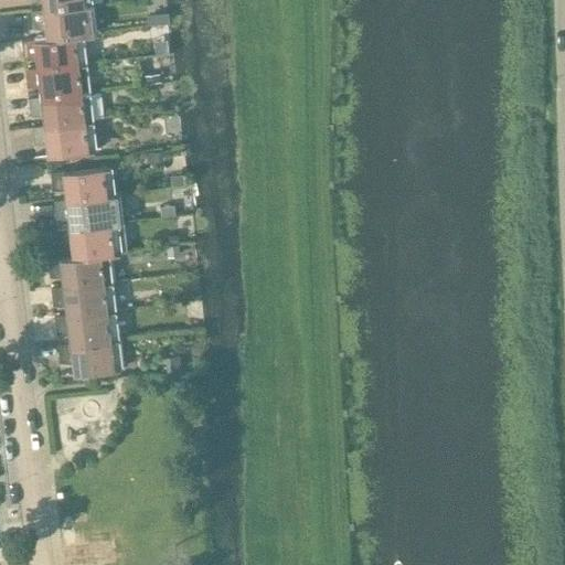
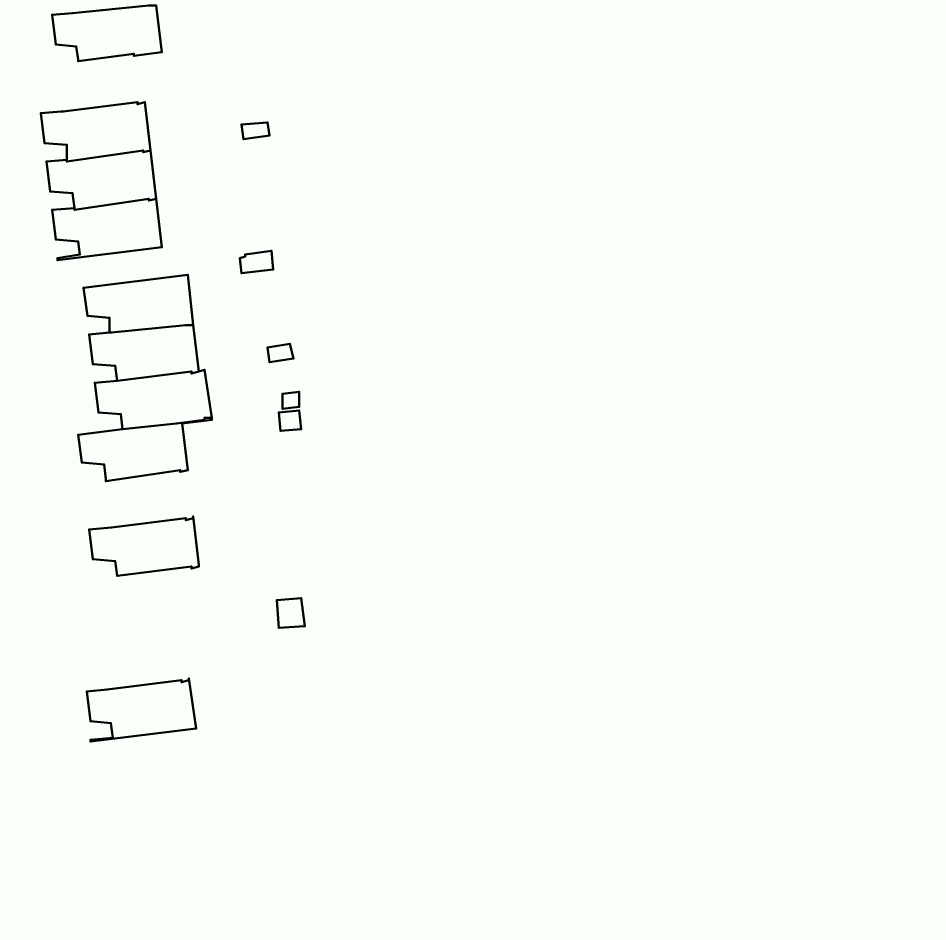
building: [23,36,98,72] -> none
building: [52,285,117,319] -> none
building: [60,341,125,379] -> [87,678,196,742]

